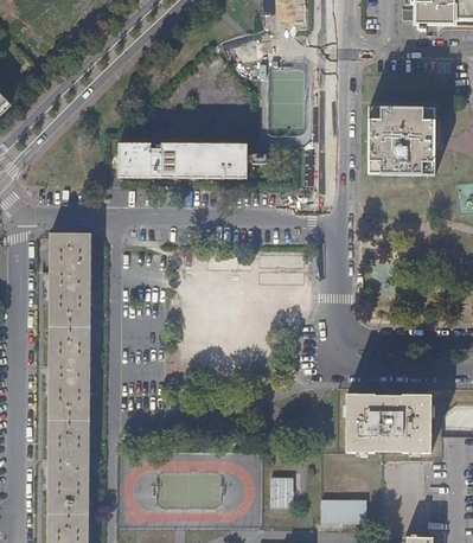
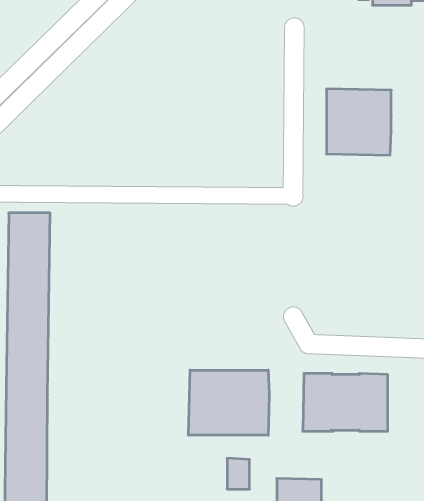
building: [115,140,248,175] -> none
building: none -> [189,370,269,435]

